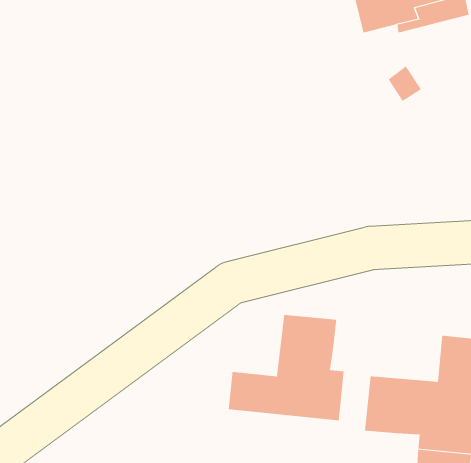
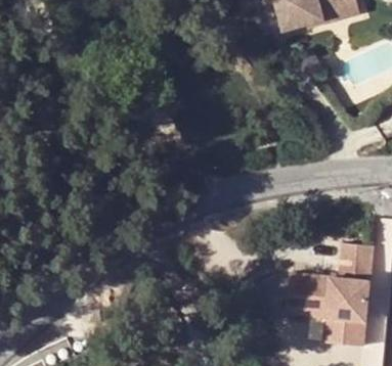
building: [228,314,344,421] -> none

